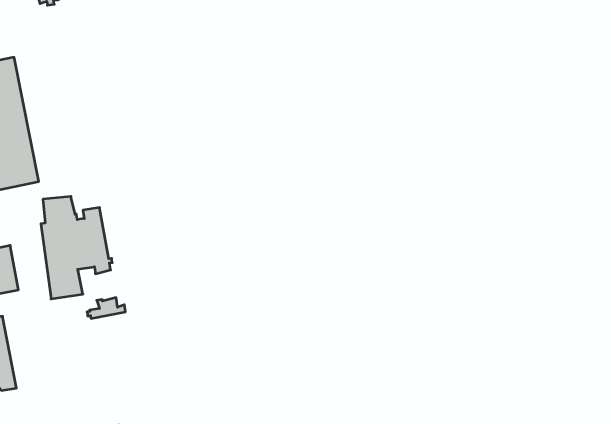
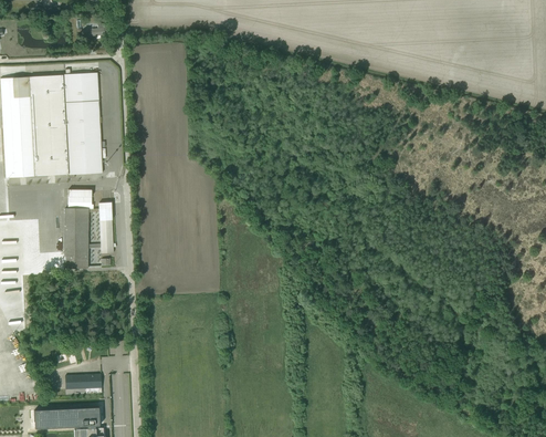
building: none -> [62,69,101,177]

